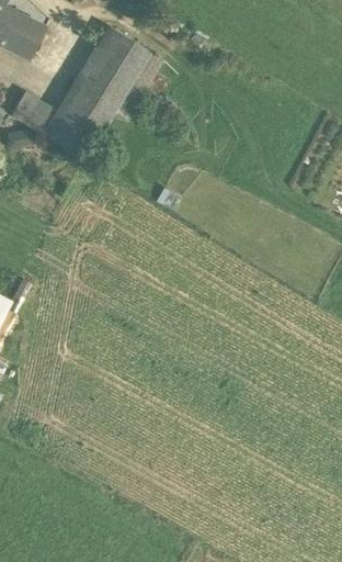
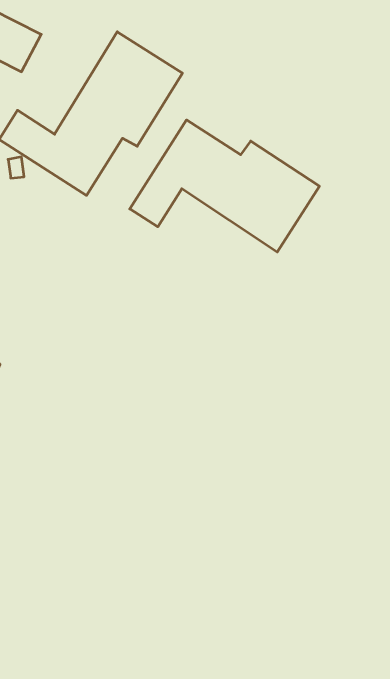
building: none -> [130,120,319,252]

